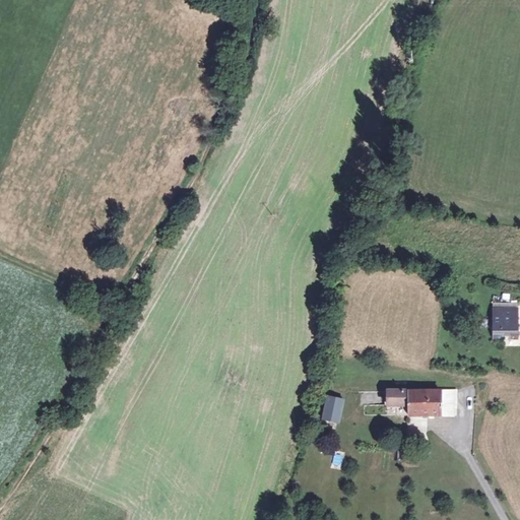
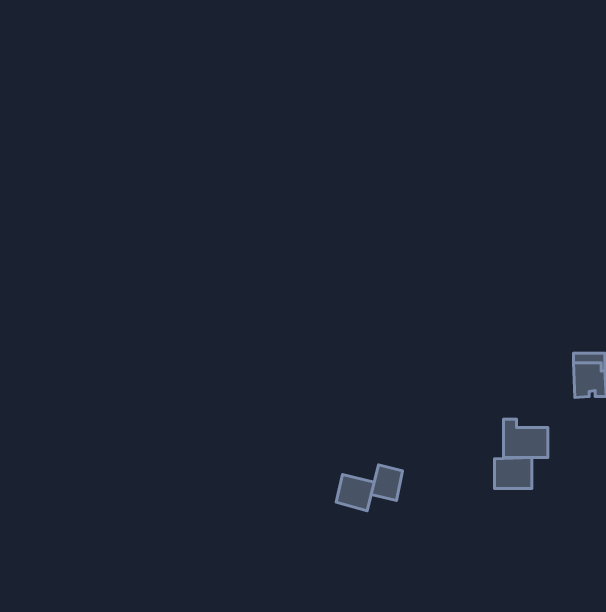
building: [387,382,425,414] -> [503,419,548,458]
building: none -> [336,475,374,511]

